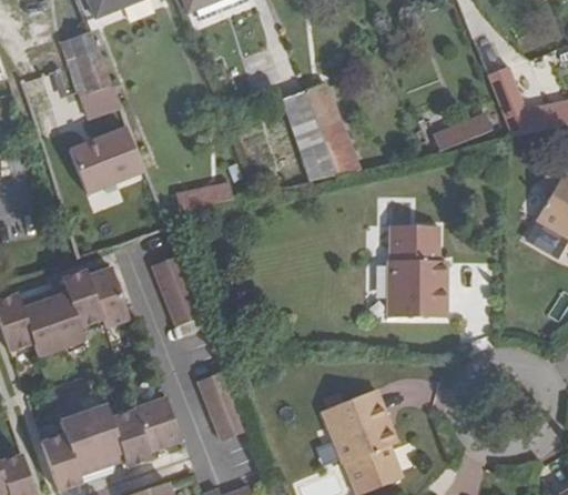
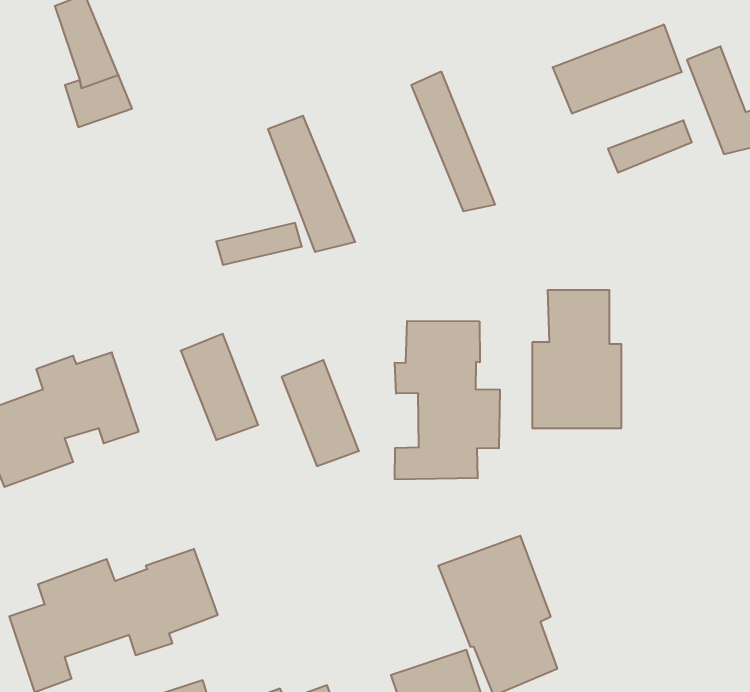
building: none -> [553,24,682,114]
building: [282,91,339,181] -> [268,116,355,252]
building: [72,125,148,193] -> none
building: none -> [395,321,500,479]
building: [197,371,248,441] -> [282,360,359,466]

